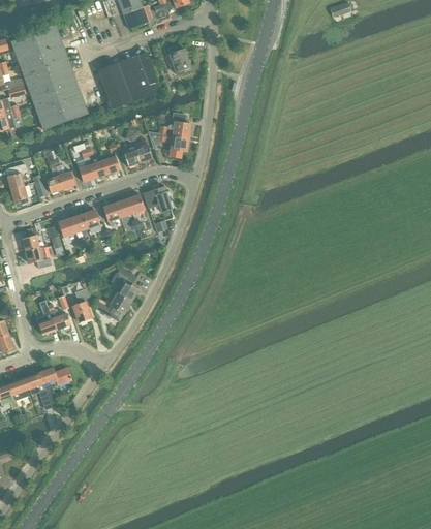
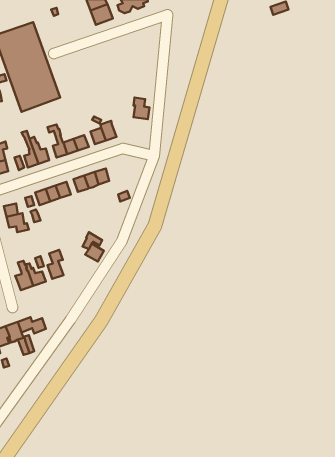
building: [166,45,191,75] -> none
building: [97,53,160,110] -> none
building: [147,131,188,158] -> none
building: [143,186,172,212] -> none
building: [96,293,130,321] -> none

